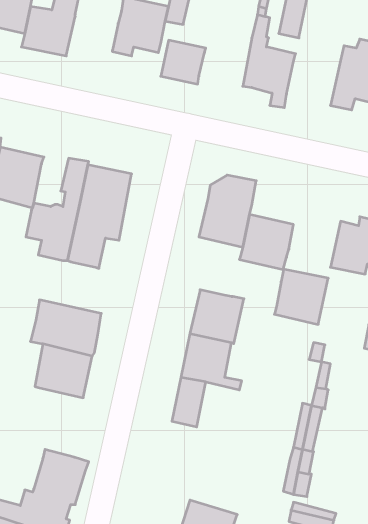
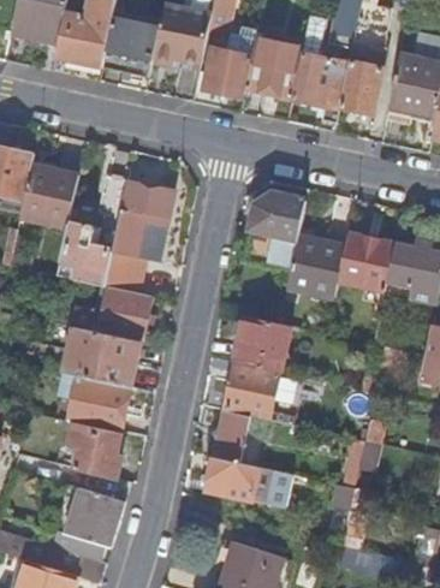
building: none -> [102,22,157,76]
building: none -> [244,37,301,99]
building: none -> [338,51,385,113]
building: none -> [70,286,149,341]
building: [274,269,328,324] -> [338,233,396,292]
building: none -> [67,421,121,477]
building: none -> [207,457,293,507]

